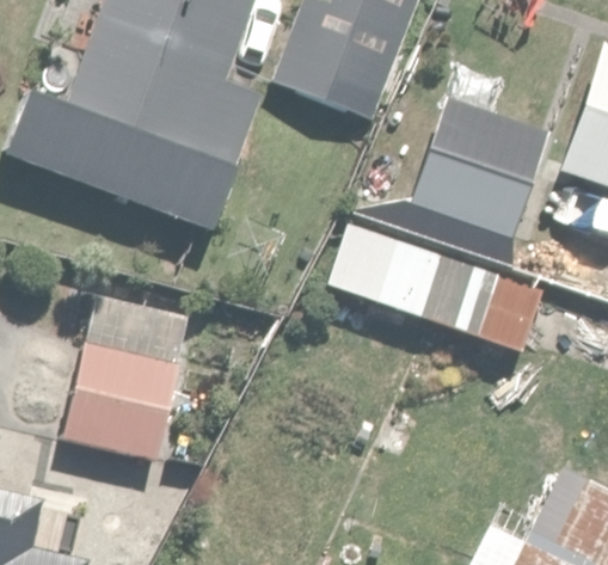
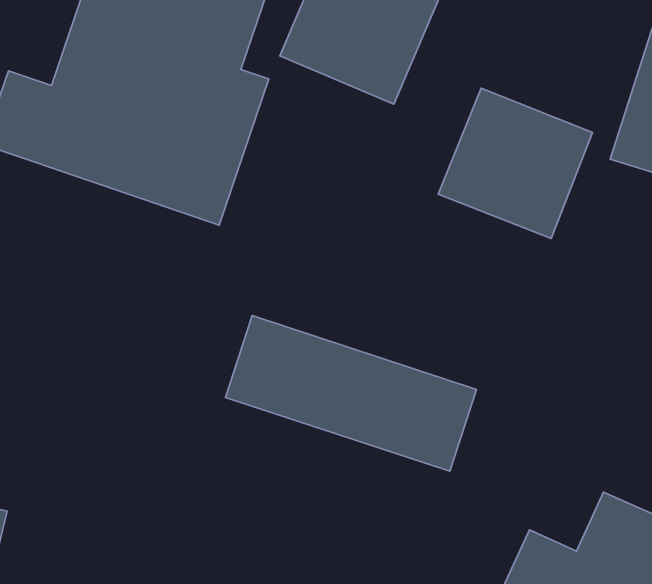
building: [319,213,542,351] -> [225,316,477,471]
building: [65,297,194,461] -> none

